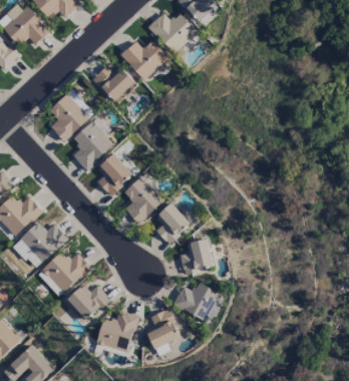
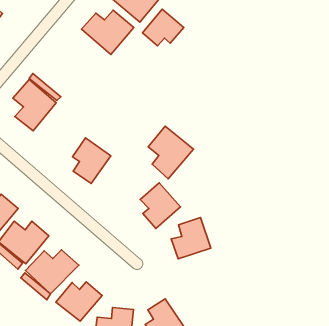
building: none -> [143,9,184,46]
building: [92,65,134,101] -> none
building: [71,121,113,170] -> none
building: [122,175,163,224] -> [148,126,193,179]
building: [172,282,222,322] -> none

